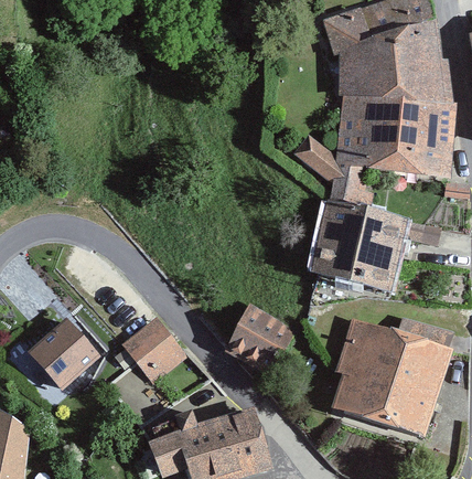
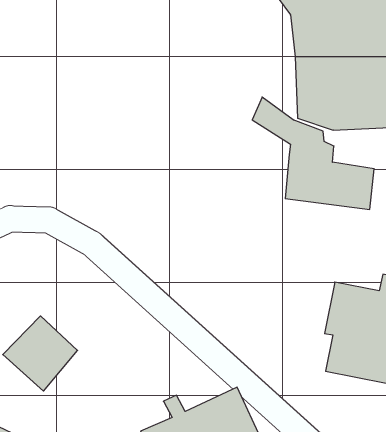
building: [305,234,396,294] -> none
building: [226,307,292,372] -> none
building: [124,320,182,380] -> none

